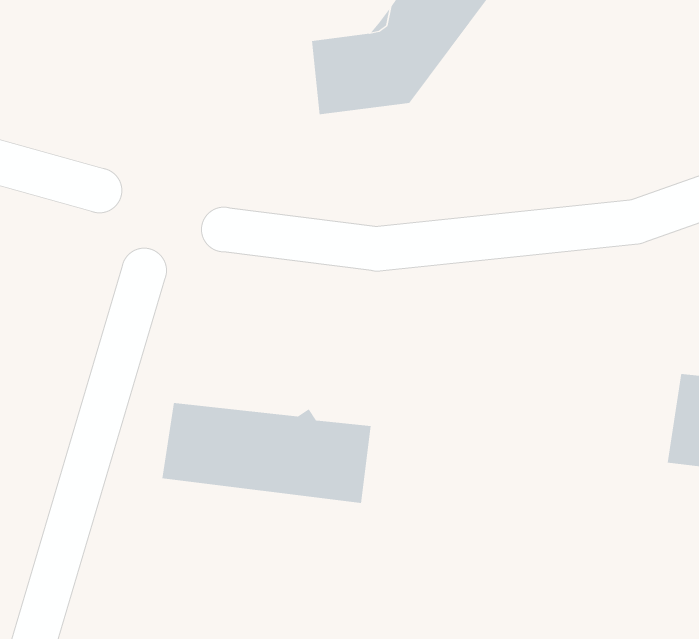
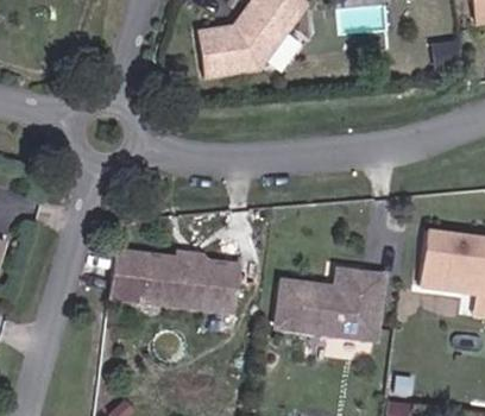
building: none -> [277,270,385,340]

